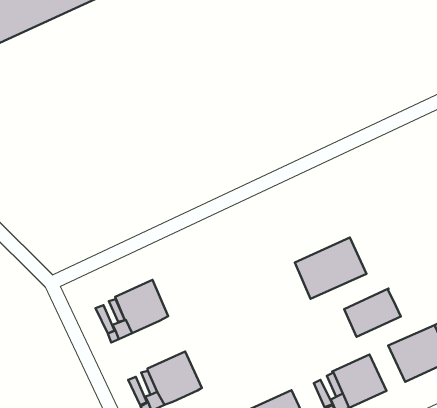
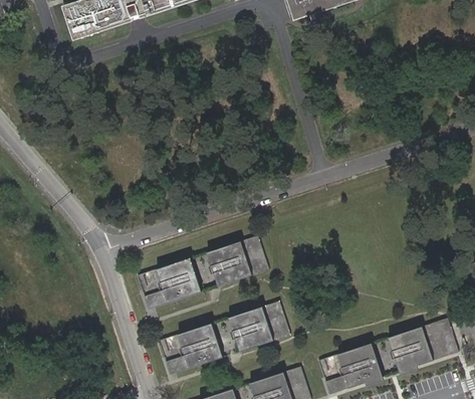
building: [295,238,367,299] -> [228,303,289,352]
building: none -> [207,236,268,286]
building: [344,289,401,337] -> none

